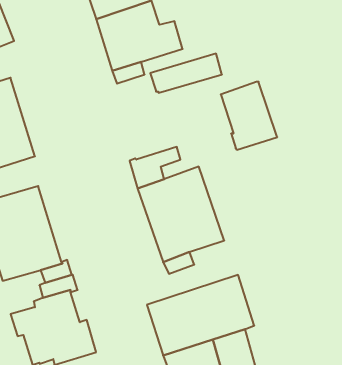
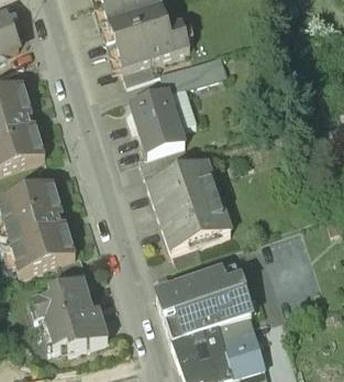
building: [221,82,277,150] -> [130,92,184,157]

